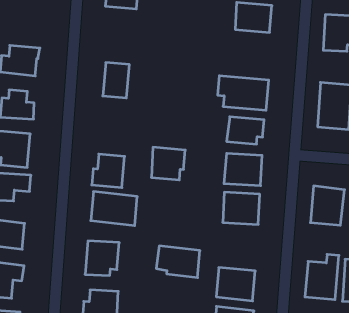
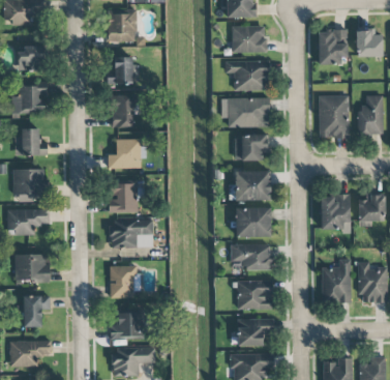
building: none -> [17,47,44,70]
building: none -> [108,56,133,84]
building: none -> [226,60,269,90]
building: [151,147,185,180] -> [113,139,144,168]
building: [156,246,200,278] -> [231,243,271,270]

